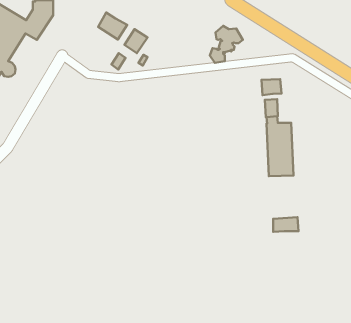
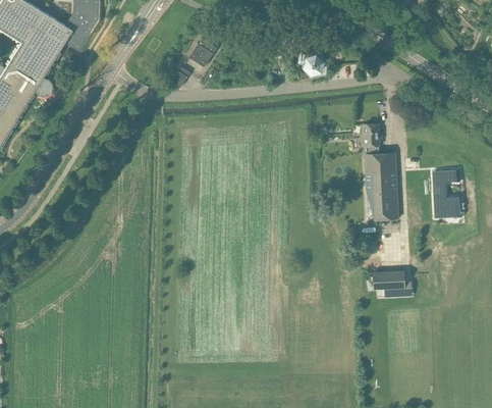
building: [98,12,127,40] -> none
building: [262,79,281,95] -> none
building: none -> [431,169,460,217]

